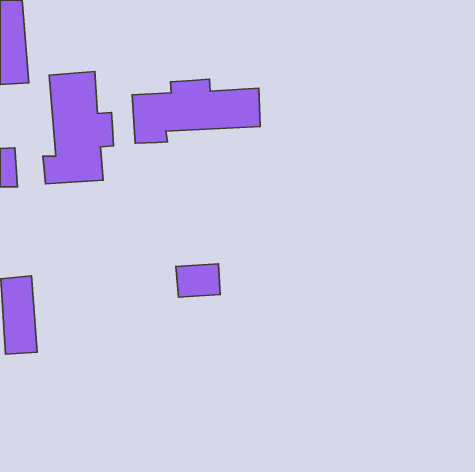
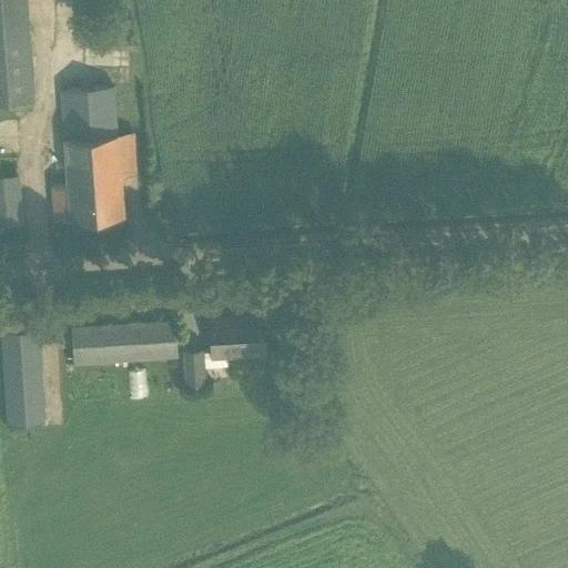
building: [132,79,260,143] -> none
building: none -> [71,324,176,367]
building: none -> [183,354,205,386]

